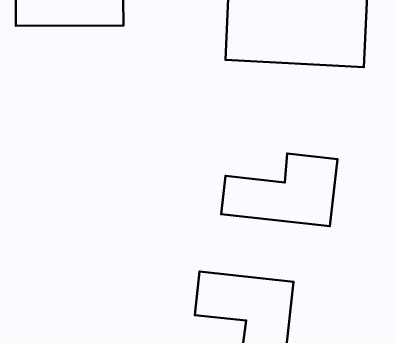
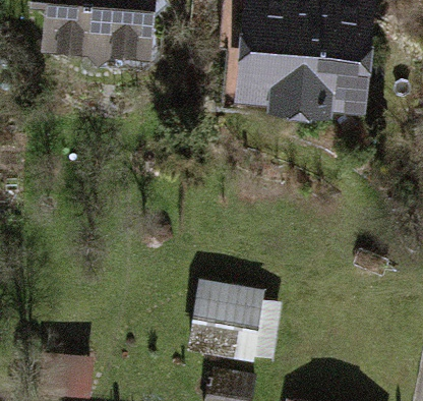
building: [221,154,338,226] -> none

